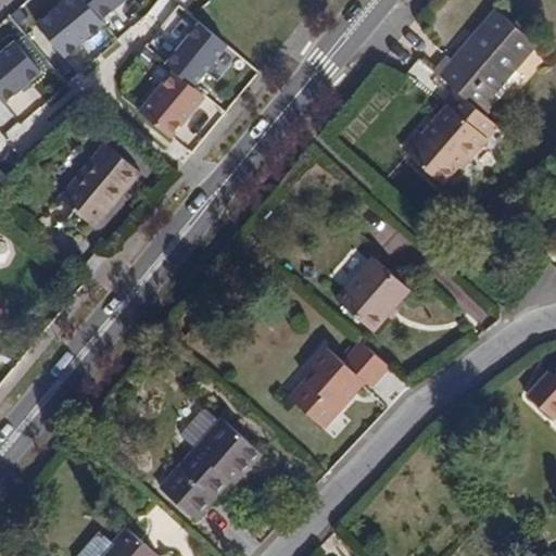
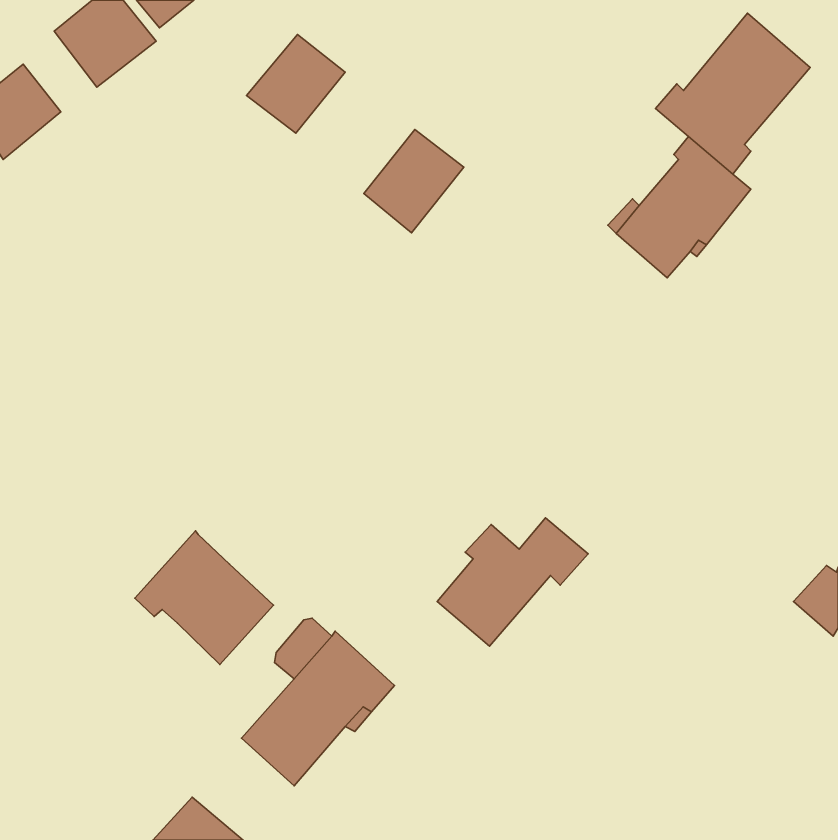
building: [135,74,201,142] -> [364,129,464,233]
building: [63,144,137,227] -> none
building: [336,256,410,331] -> none
building: none -> [135,531,274,665]

